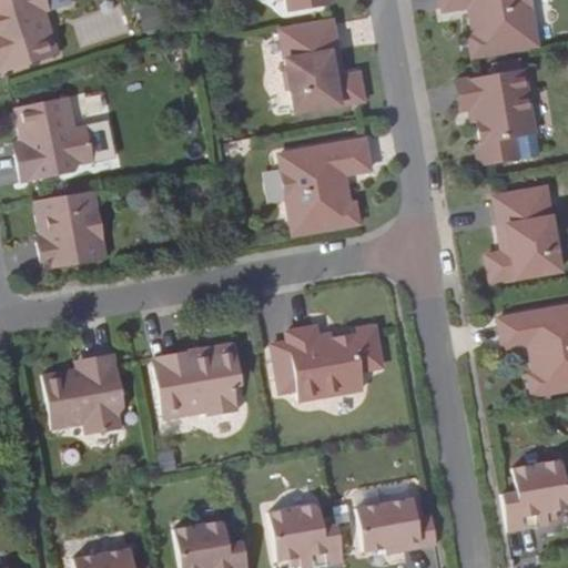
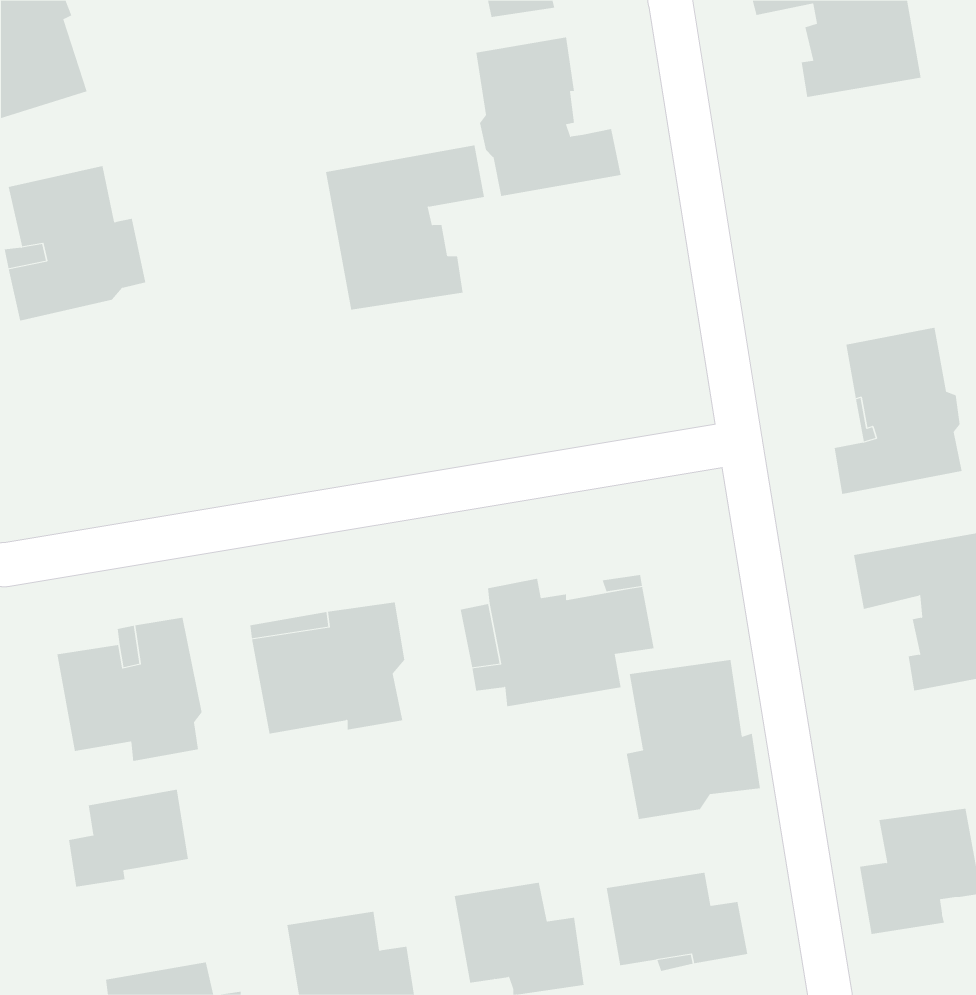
building: [455,70,535,166] -> none
building: [281,139,372,233] -> [325,145,485,310]
building: [34,189,110,268] -> none
building: none -> [626,659,760,820]
building: none -> [69,789,189,888]

